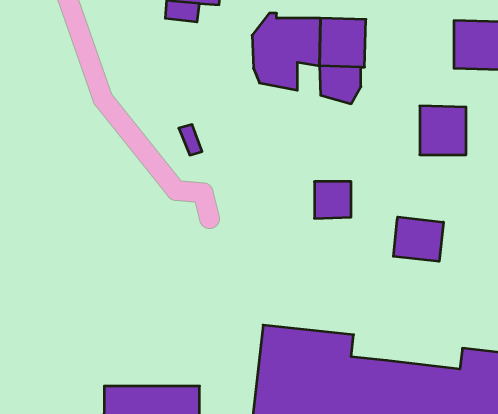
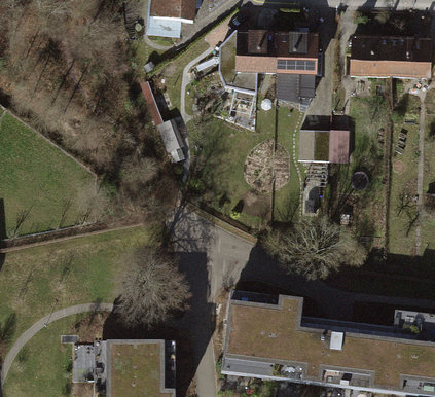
building: [420,106,466,155] -> [351,35,390,76]
building: [314,182,351,218] -> [299,132,330,163]
building: [393,217,443,261] -> none

